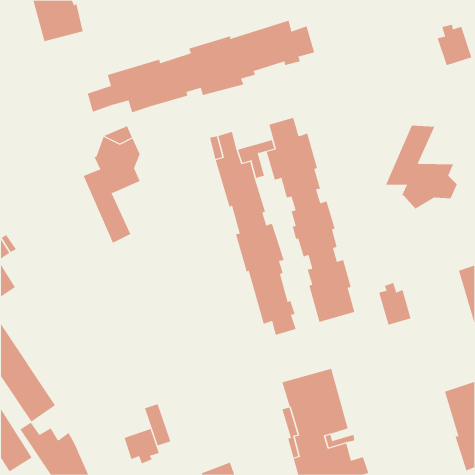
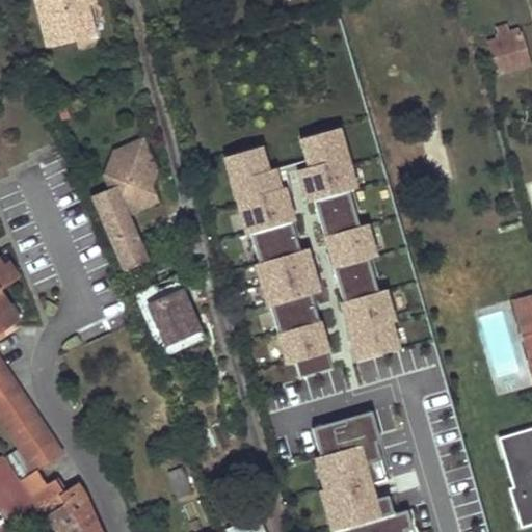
building: [87,20,315,113] -> none
building: [385,125,458,210] -> none
building: none -> [136,281,202,355]
building: [378,282,411,326] -> none
building: [124,428,160,464] -> none

